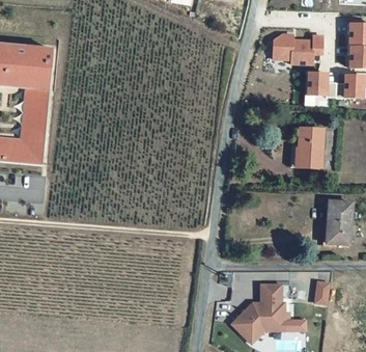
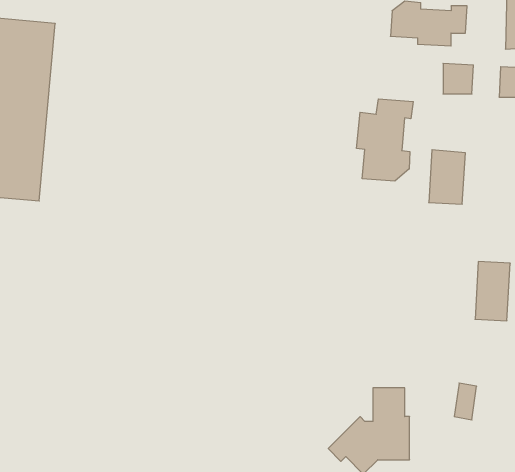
building: none -> [357,99,413,181]

